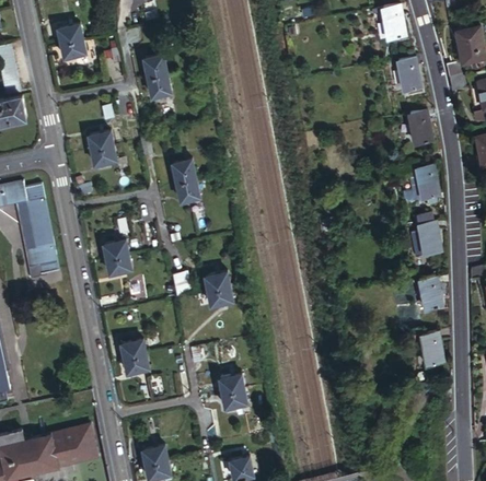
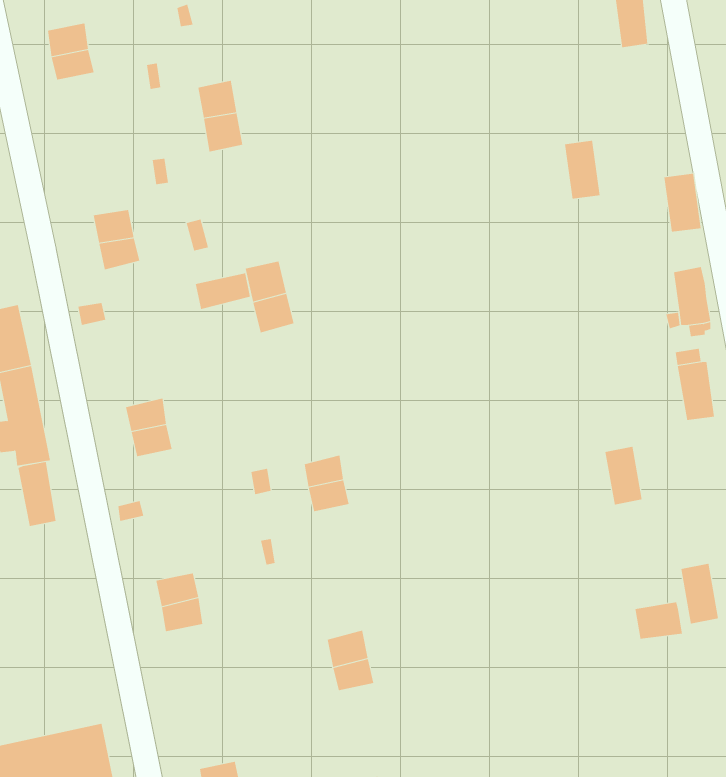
building: [398,57,419,91] -> [564,140,600,199]
building: none -> [195,272,251,310]
building: none -> [18,461,56,527]
building: [420,279,442,313] -> [605,446,643,505]
building: none -> [635,601,682,639]

